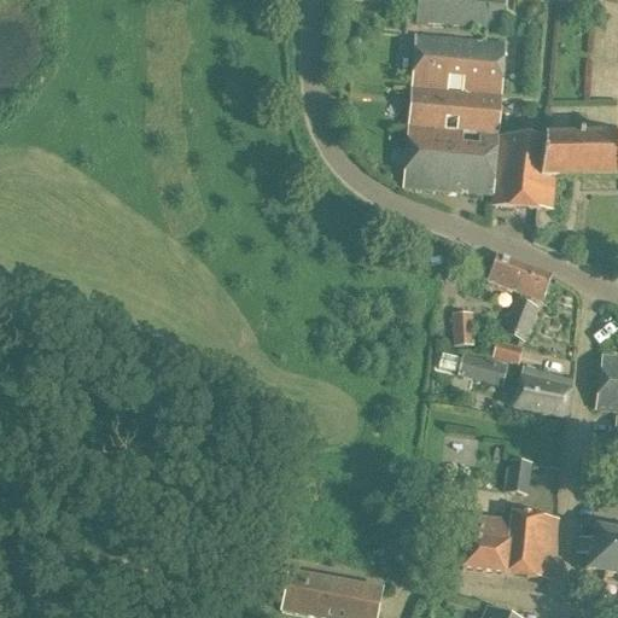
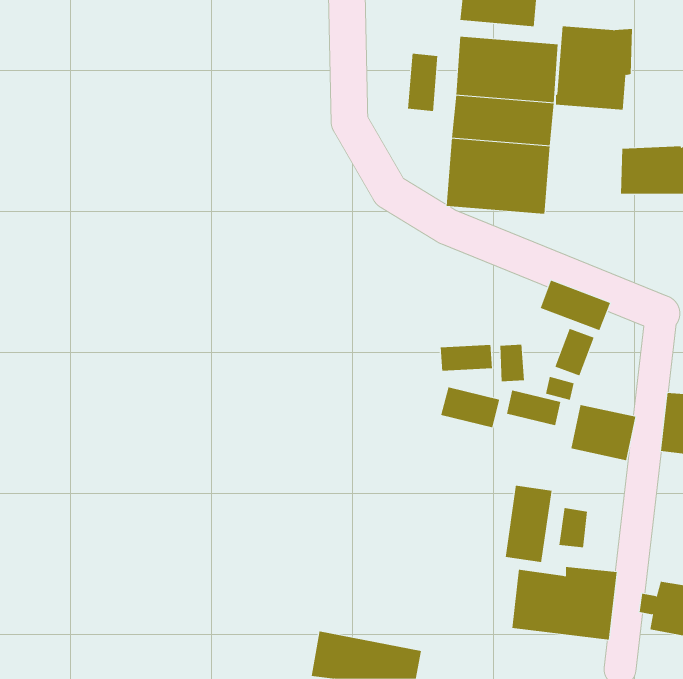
building: none -> [407,53,438,112]
building: [491,132,561,208] -> [555,26,633,110]
building: none -> [440,344,492,372]
building: none -> [441,386,500,428]
building: none -> [505,485,552,563]

